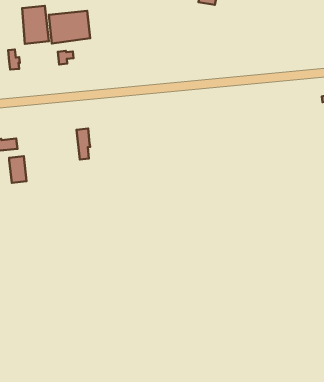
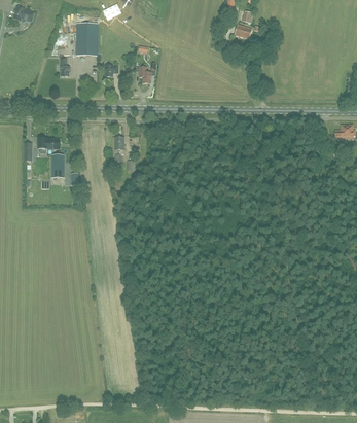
building: [49,11,90,44] -> none

